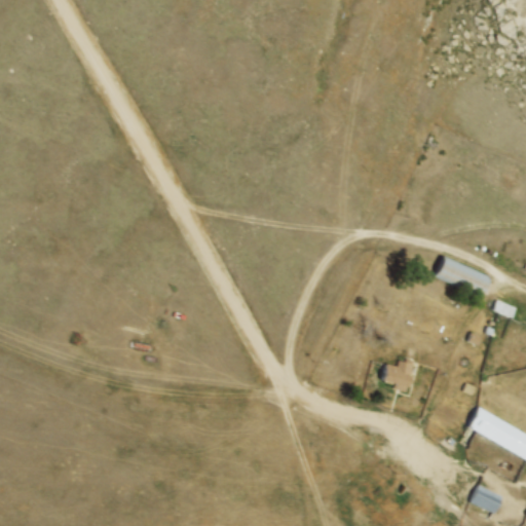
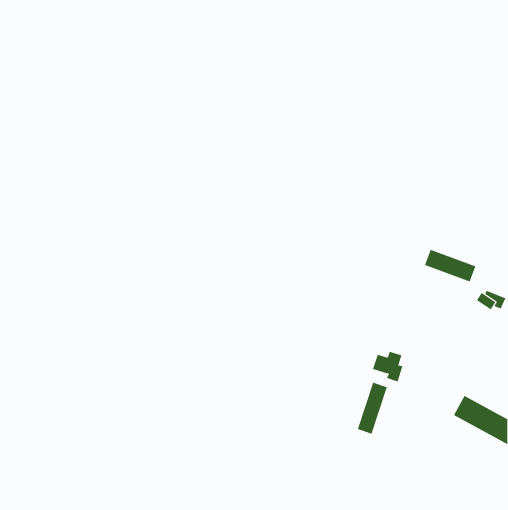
building: none -> [357,382,388,434]
building: [473,487,502,515] -> none

